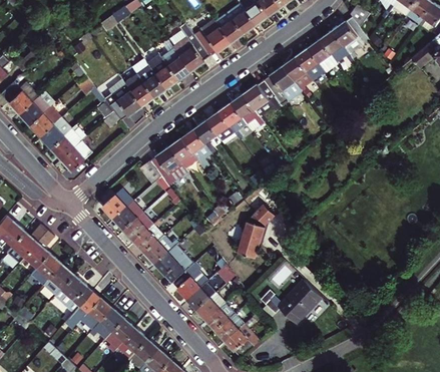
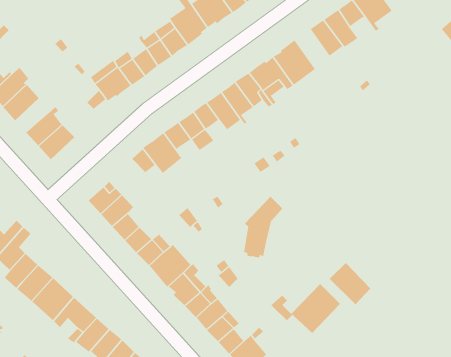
building: [284,57,314,90] -> none
building: [40,117,71,147] -> none
building: none -> [329,262,371,305]

